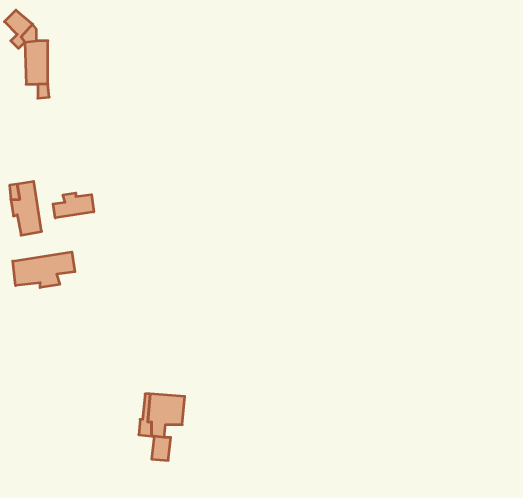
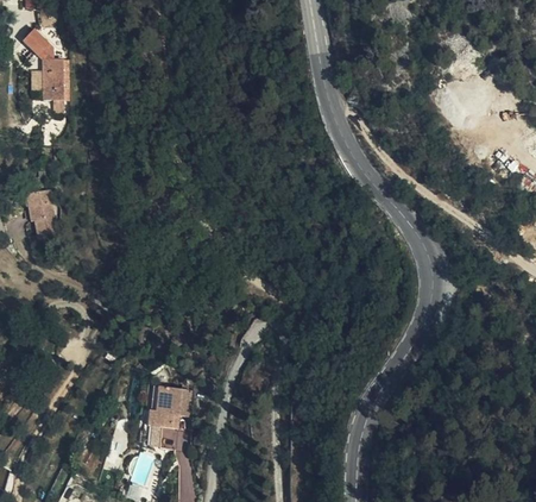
building: [53,193,94,218] -> none
building: [13,252,75,288] -> none

